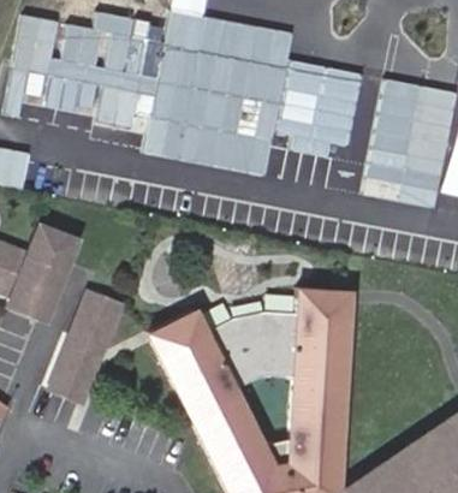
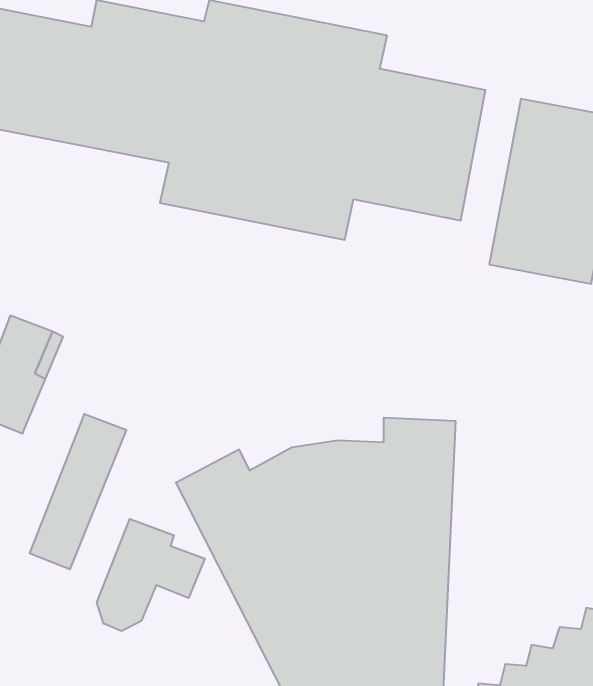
building: none -> [97,519,205,631]

